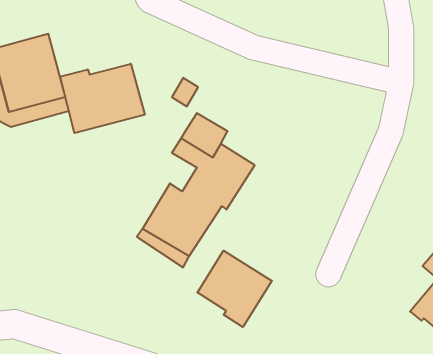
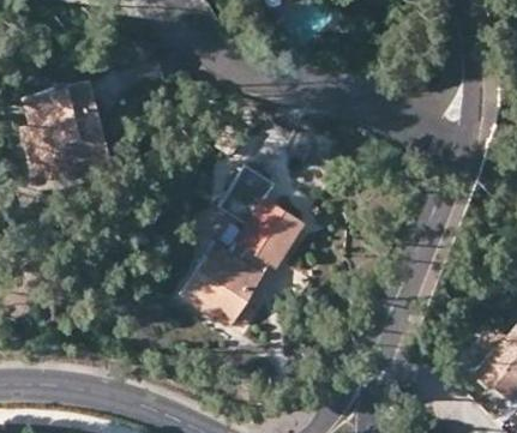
building: [60,64,145,133] -> none
building: [197,251,272,327] -> none

